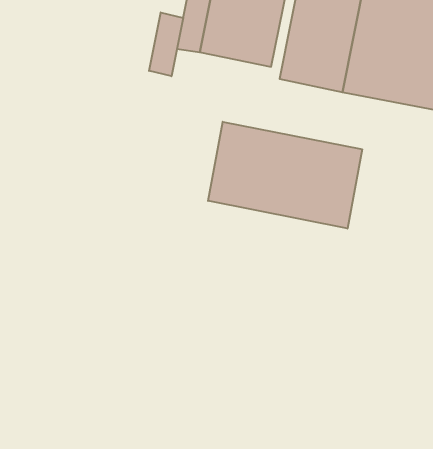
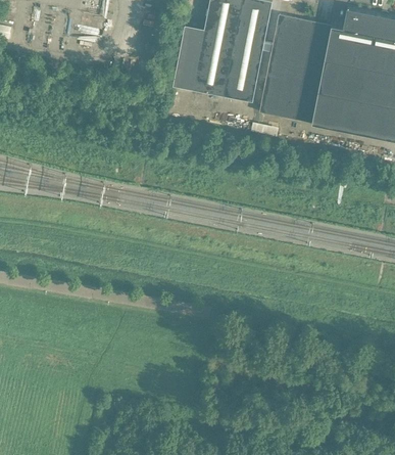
building: [149,12,183,76] -> none
building: [208,122,362,229] -> none

